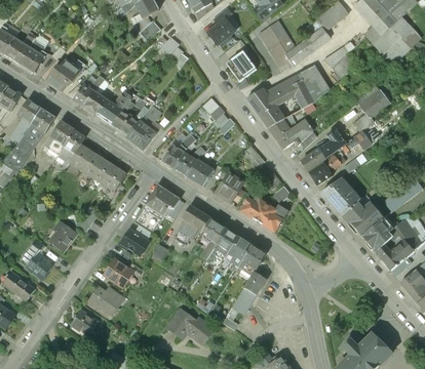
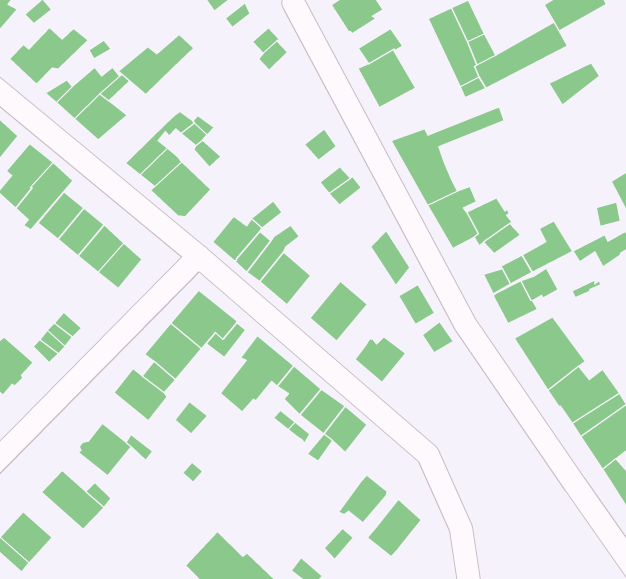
building: [271,65,330,109] -> none
building: [96,92,133,125] -> [119,34,194,95]
building: [257,205,286,232] -> none
building: [238,244,265,274] -> [367,499,422,556]

